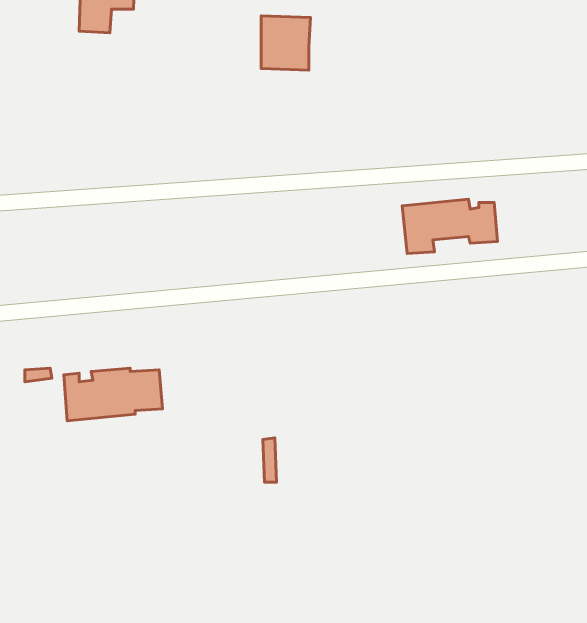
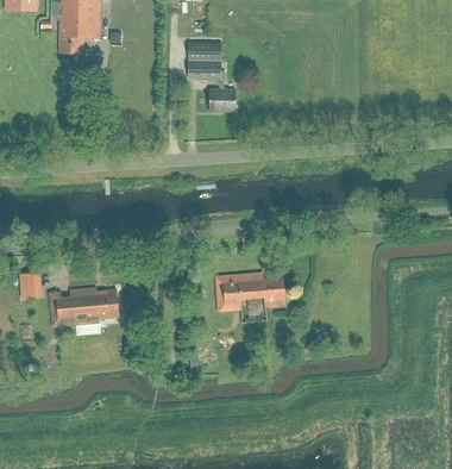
building: none -> [208,92,236,112]
building: [402,199,497,254] -> [218,271,284,309]

